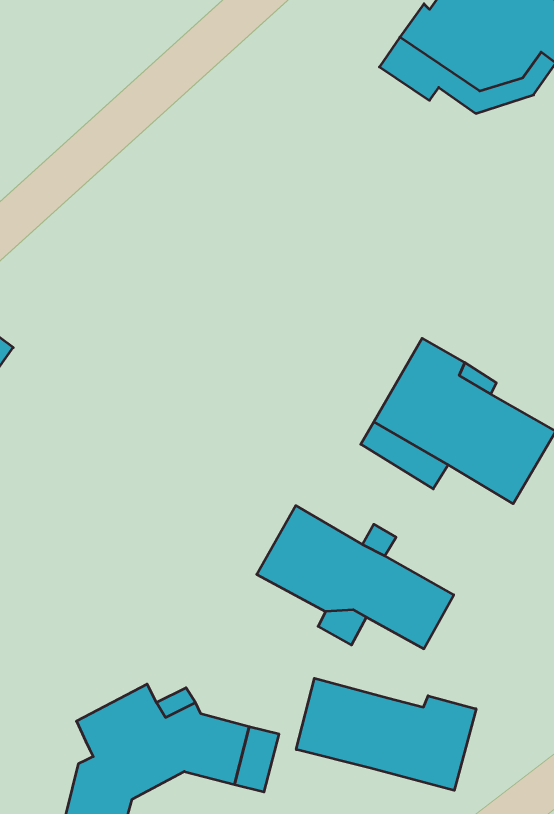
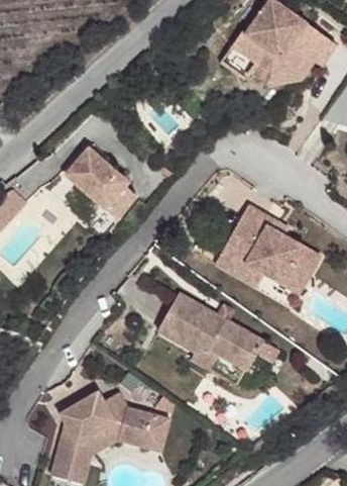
building: none -> [63,151,136,222]
building: [296,678,476,790] -> none

